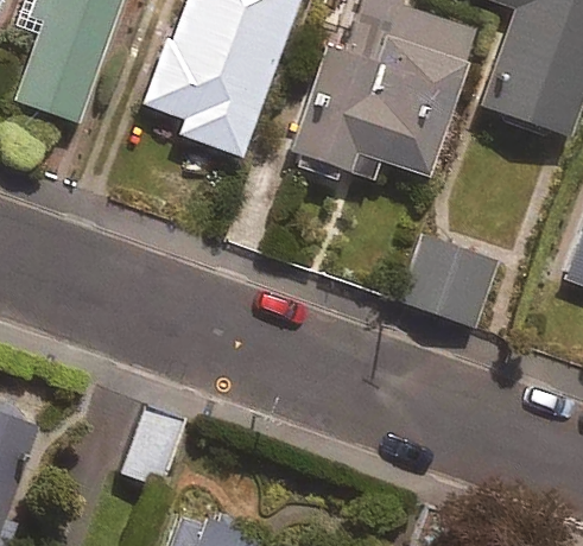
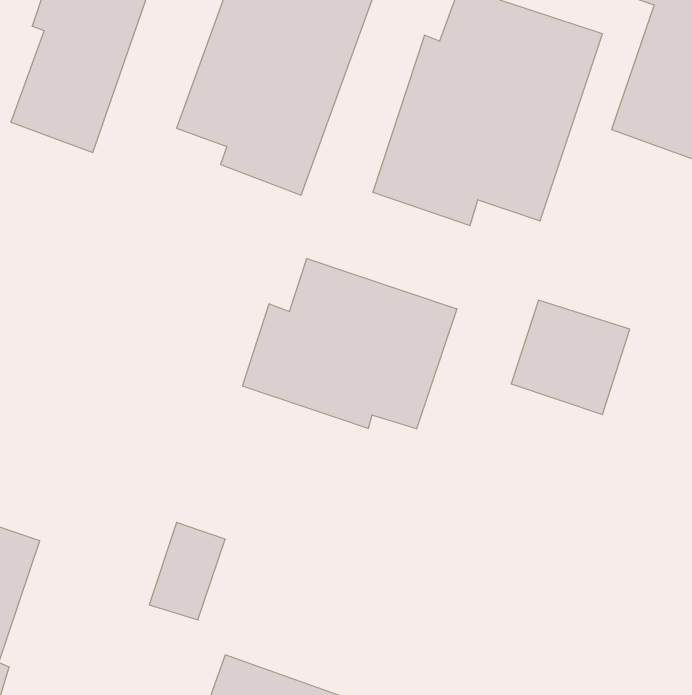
building: none -> [243,259,457,429]

